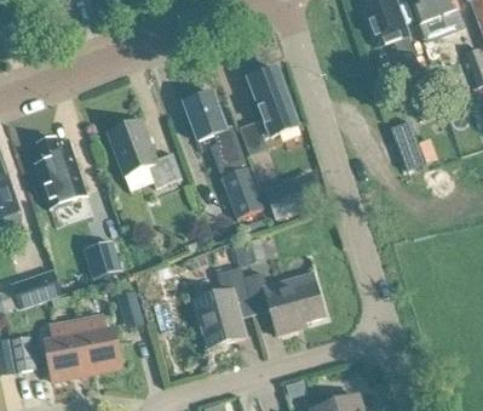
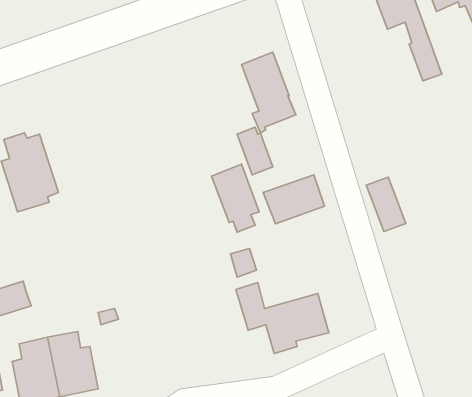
building: [183,90,246,171] -> none
building: [107,118,182,189] -> none
building: [390,120,425,169] -> [366,177,406,232]
building: [81,240,117,276] -> none
building: [195,266,253,346] -> none

